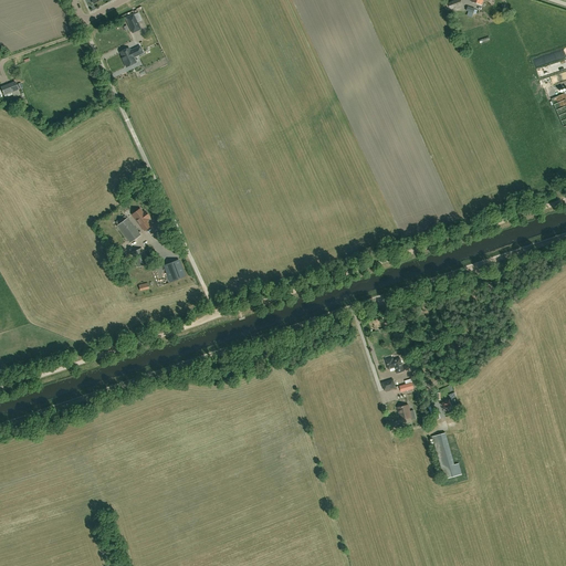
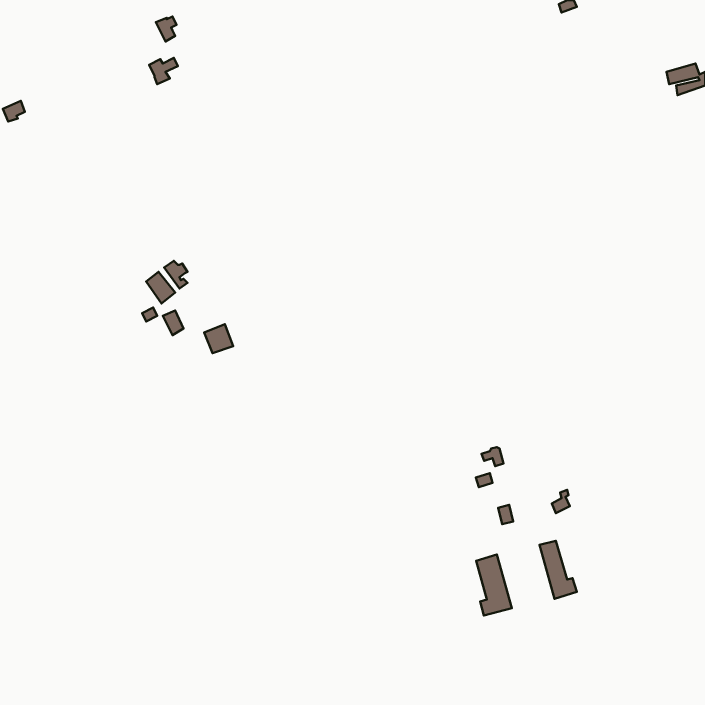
building: none -> [476,555,512,615]

